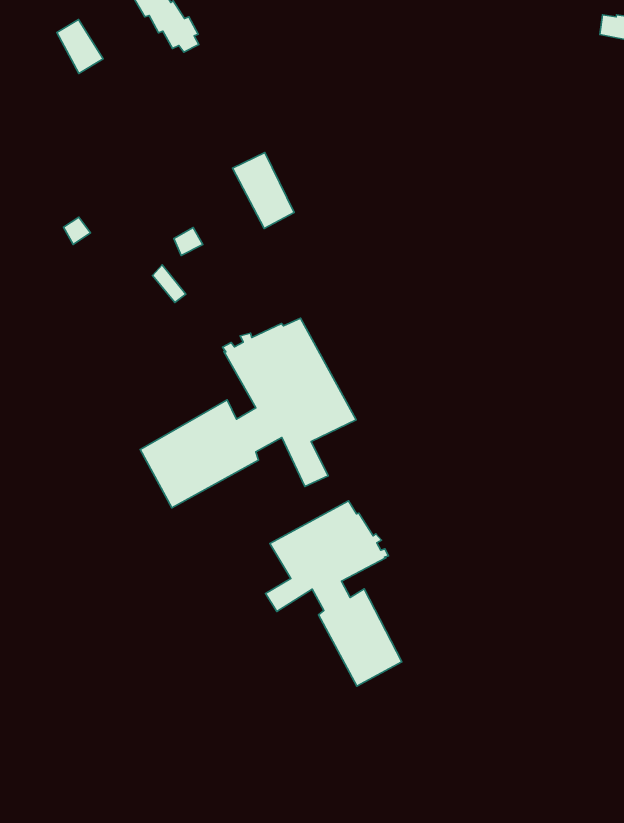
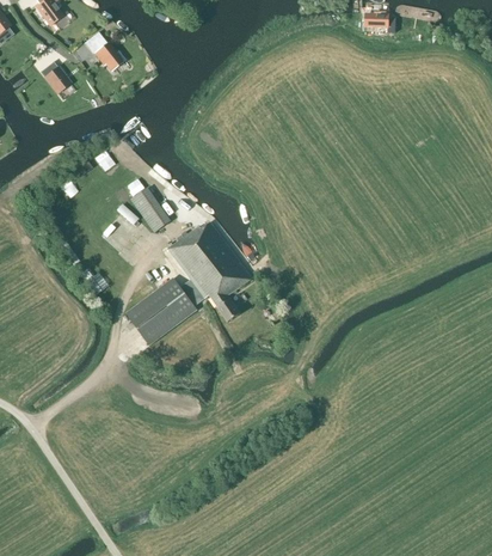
building: [233,153,294,228] -> [130,187,171,232]
building: [265,501,402,686] -> none

